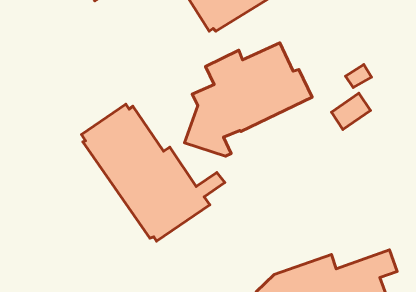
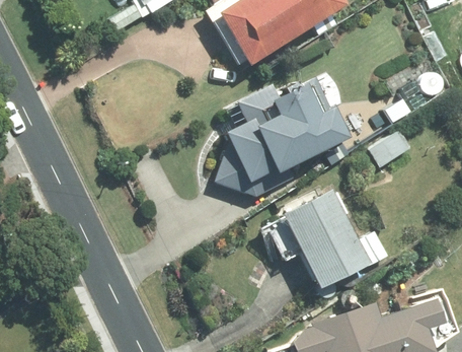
building: [82,104,225,241] -> none
building: none -> [279,190,389,289]

